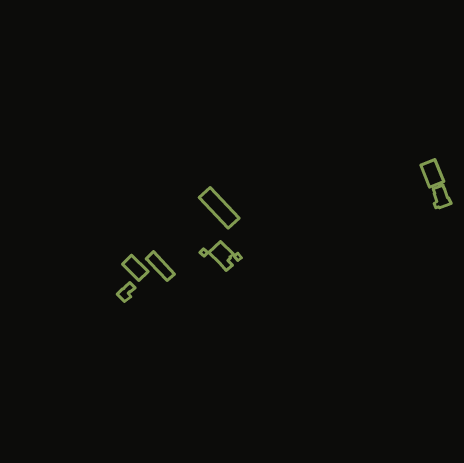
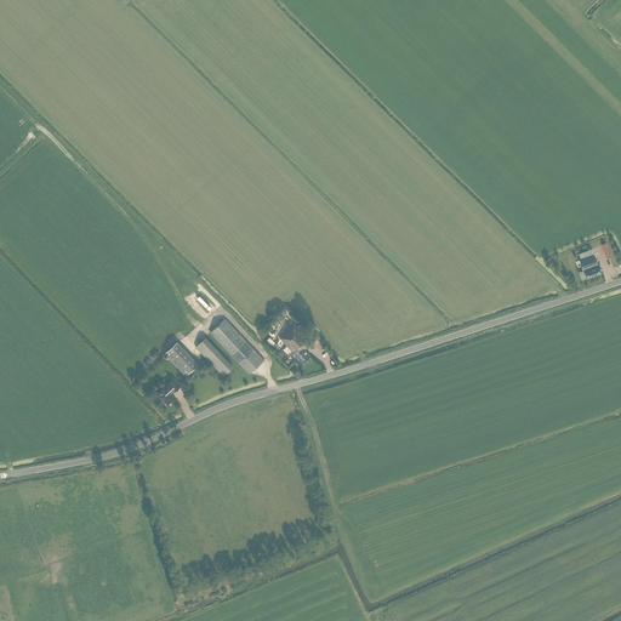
building: [421,160,444,187] -> none
building: [199,187,239,228] -> [210,318,263,372]

